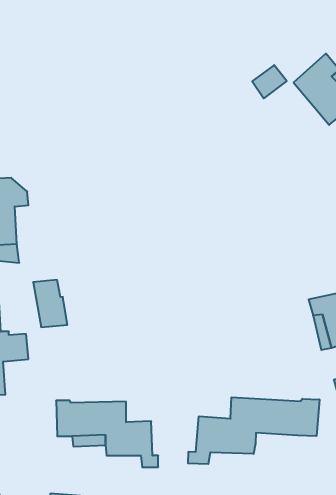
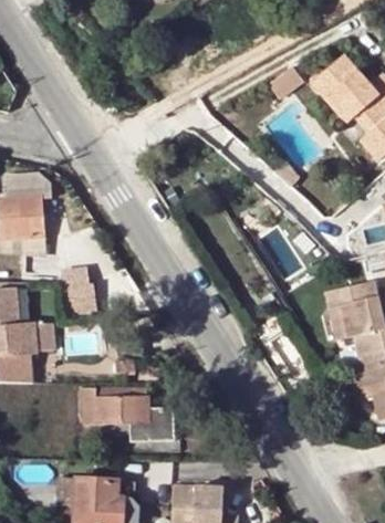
building: [188,397,319,464] -> none

